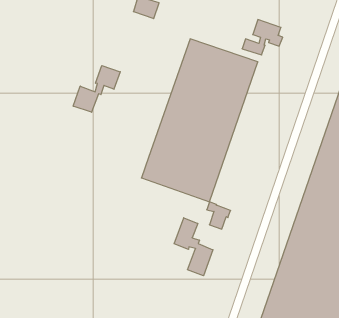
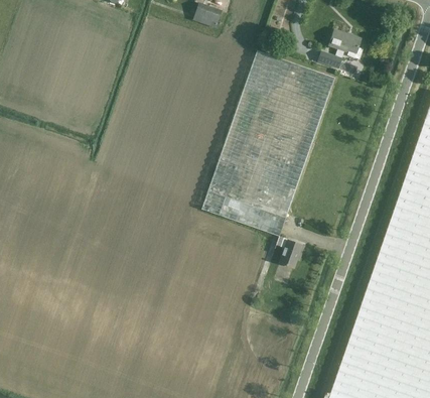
building: [73,66,120,112] -> none
building: [174,218,213,276] -> none

